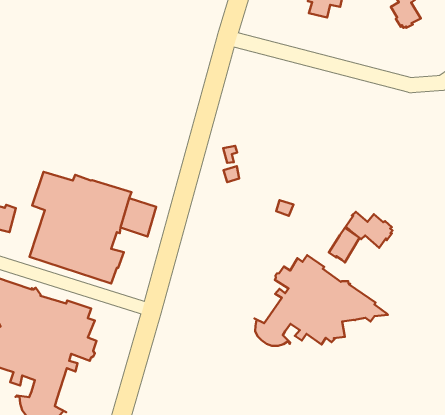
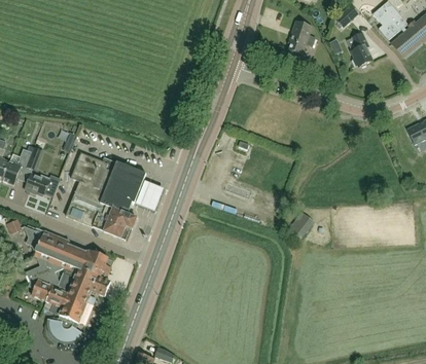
building: [346,212,393,248] -> none
building: [254,255,388,346] -> none

